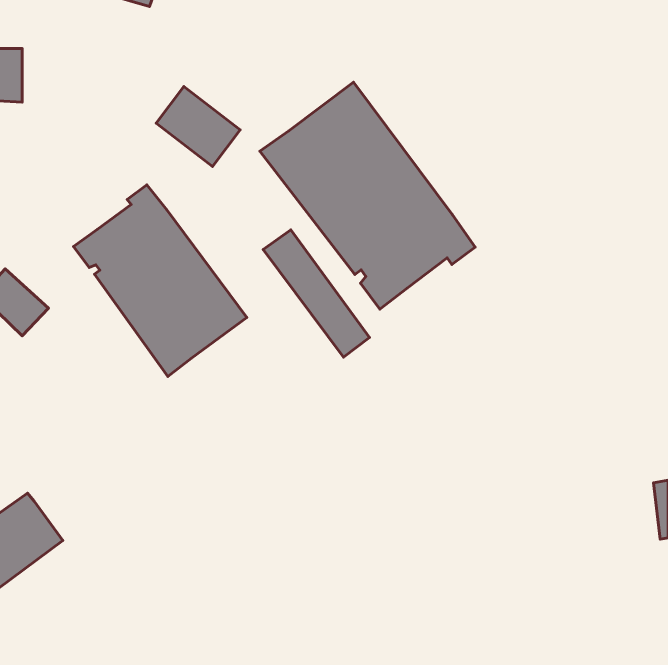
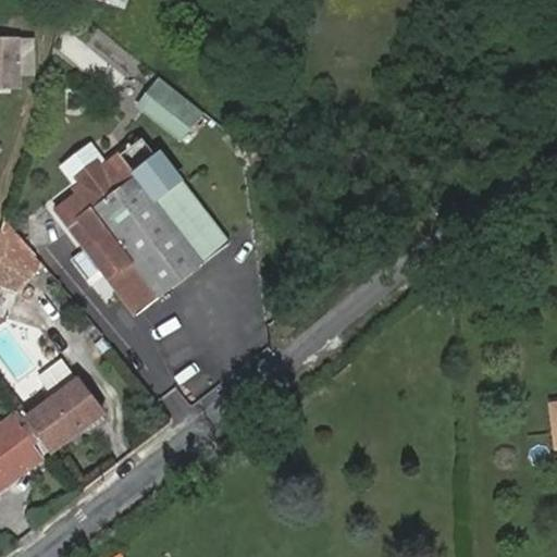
building: [260,82,475,309] -> none
building: [263,230,370,357] -> [138,158,226,263]
building: none -> [28,359,100,448]

